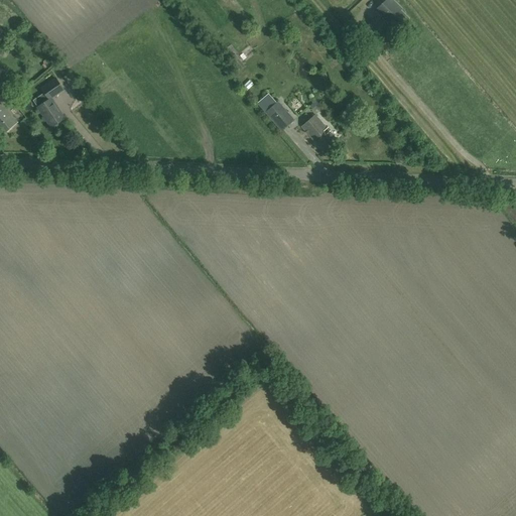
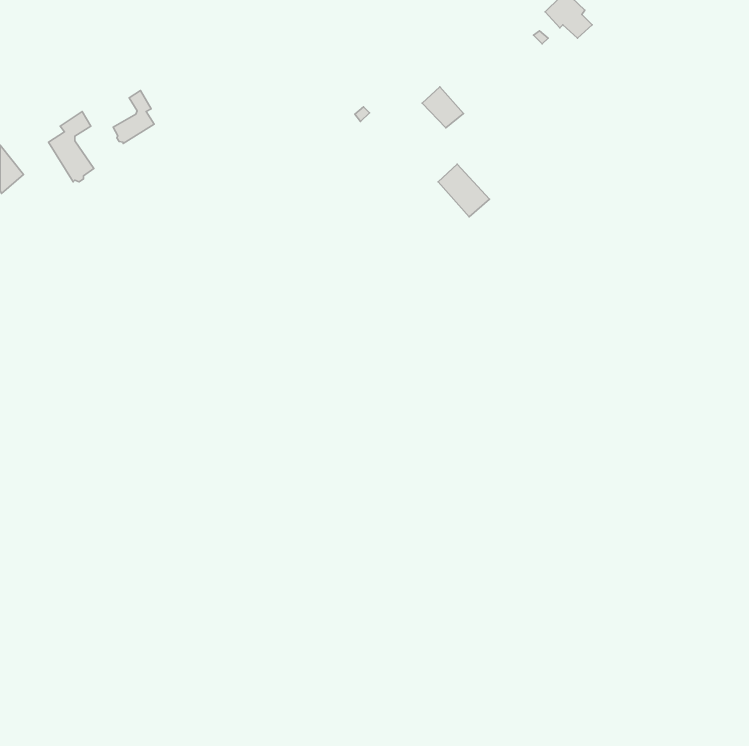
building: none -> [113,91,154,144]
building: [265,100,293,128] -> [422,87,463,128]

